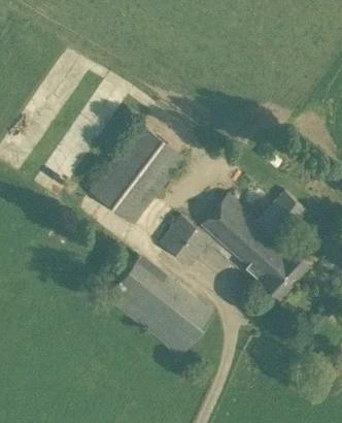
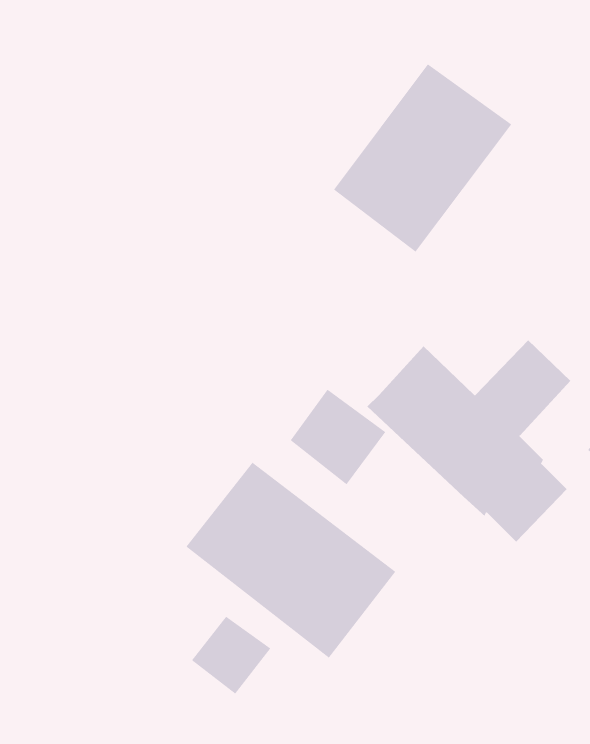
building: [89,125,182,224] -> [333,63,512,253]
building: none -> [191,616,271,695]

